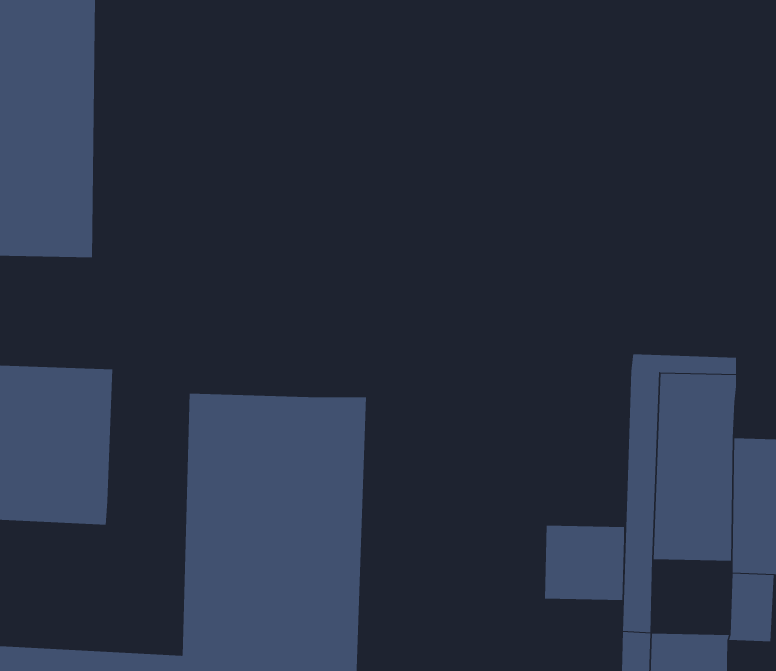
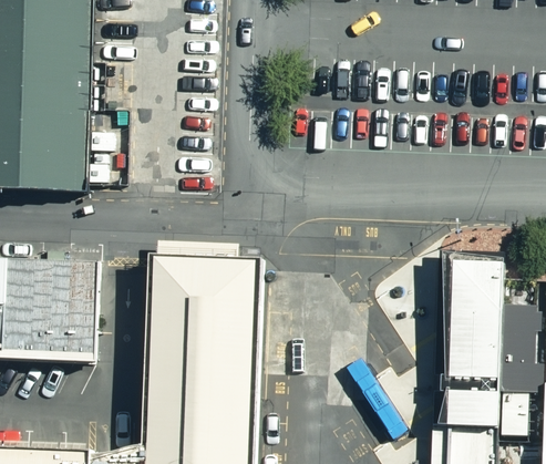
building: [544,525,625,600] -> [449,384,501,433]

